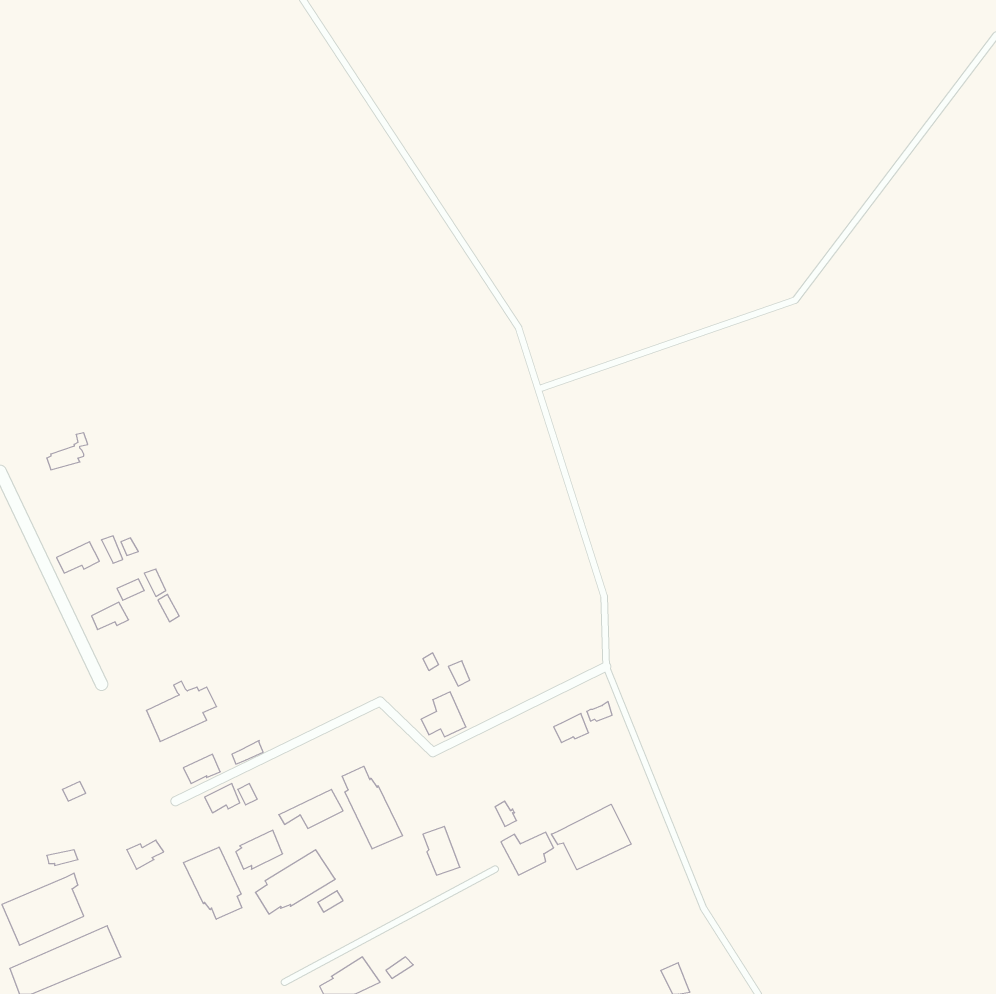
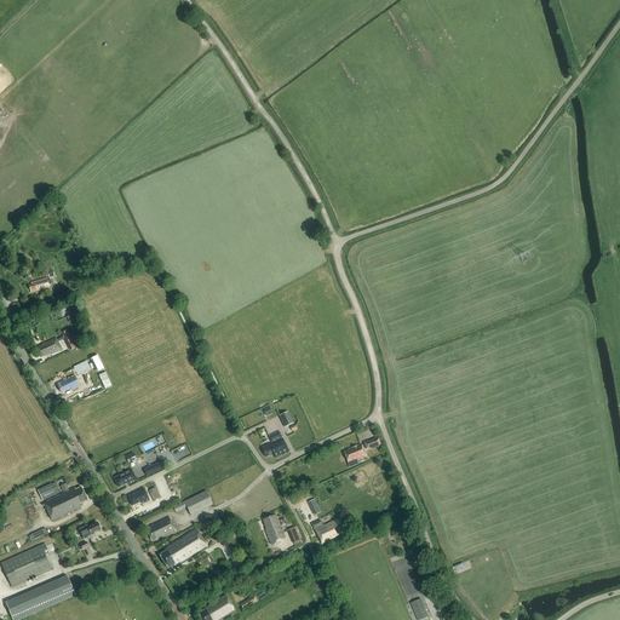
building: [146,681,217,742] -> [44,483,87,521]
building: [342,766,402,849] -> none
building: [551,804,631,870] -> none
building: [184,847,242,919] -> none

